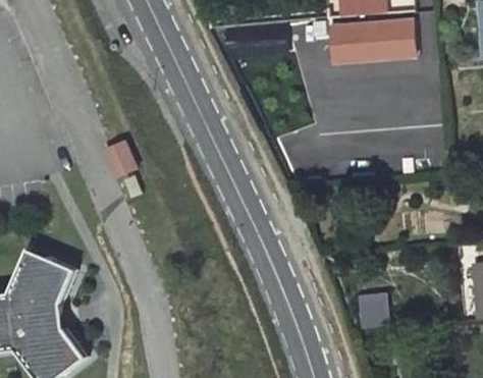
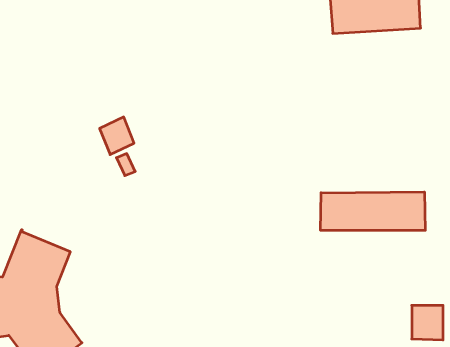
building: none -> [321,192,425,230]
building: [358,291,388,325] -> [412,305,443,340]

